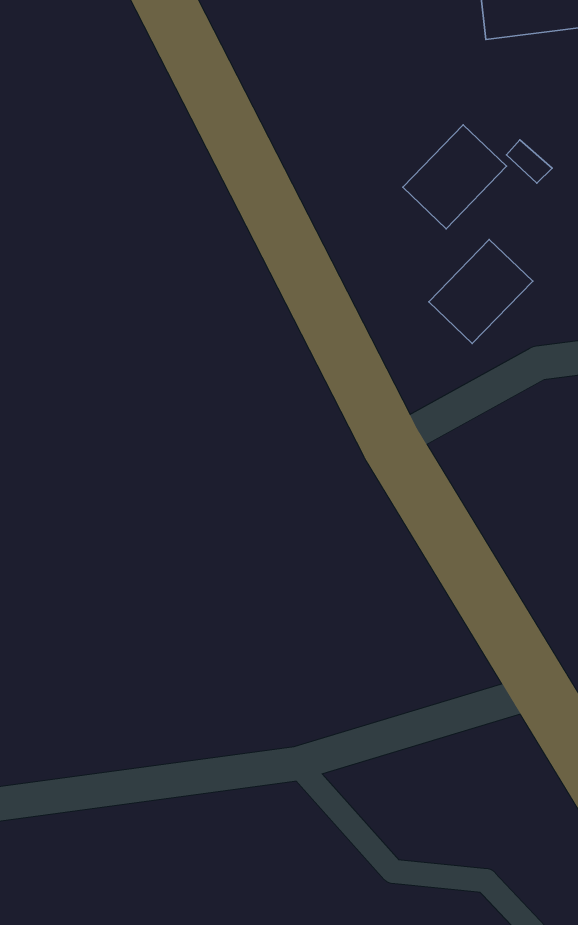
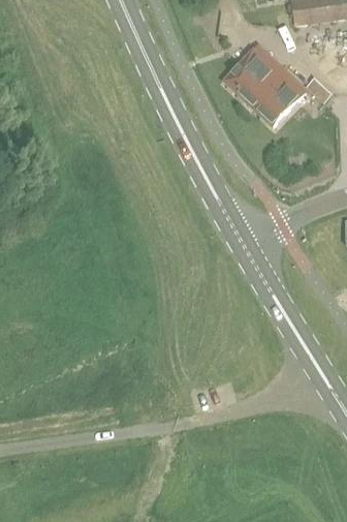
building: [429,240,533,343] -> [224,47,281,103]

